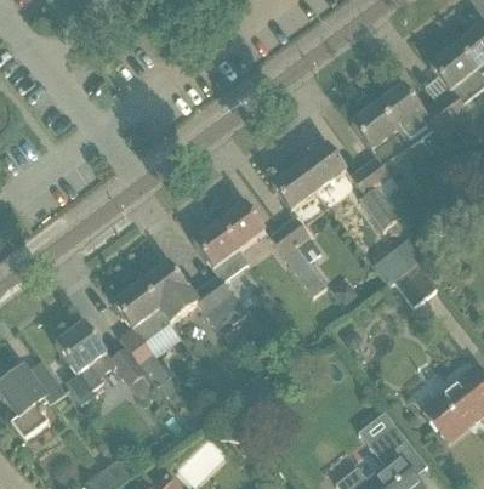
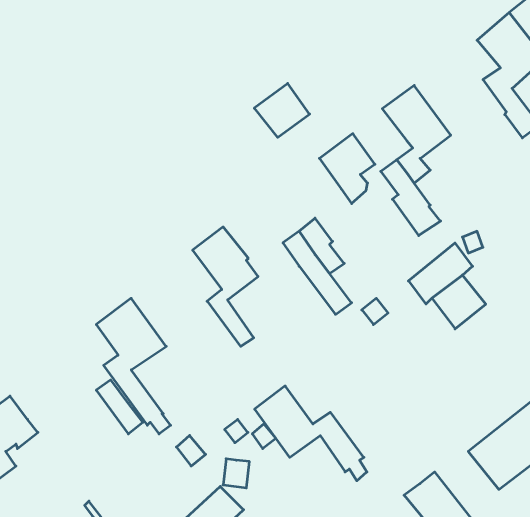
building: [376,83,452,143] -> none
building: [269,163,315,207] -> [254,83,310,137]
building: [217,200,262,245] -> none
building: [141,260,234,339] -> [255,386,367,481]
building: [53,320,114,402] -> none

